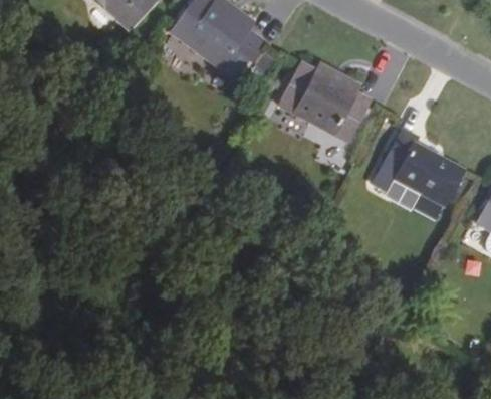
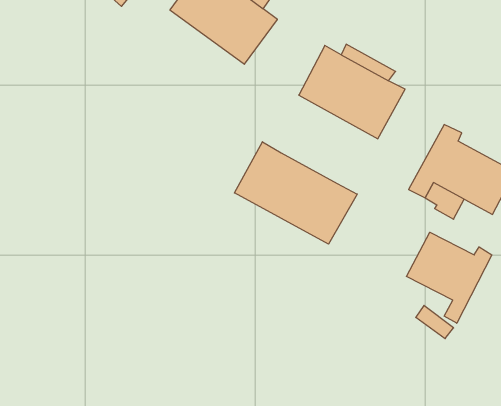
building: none -> [234,142,357,244]
building: none -> [406,232,492,323]

